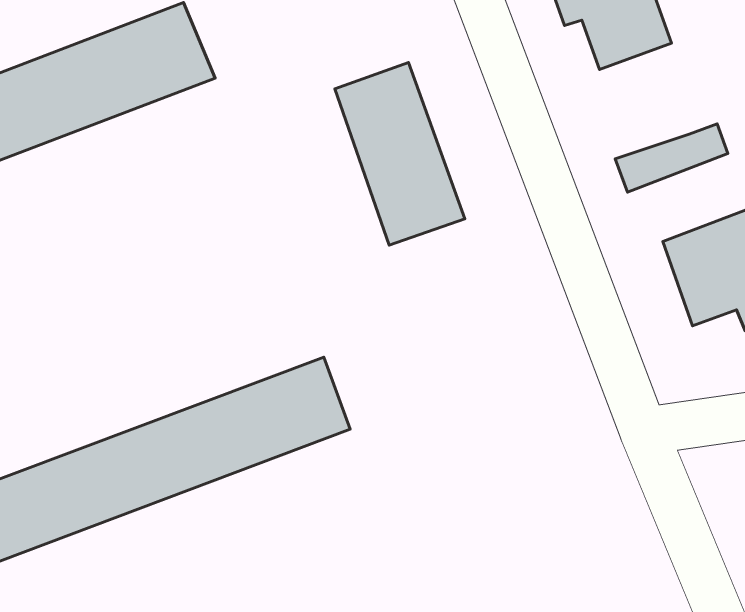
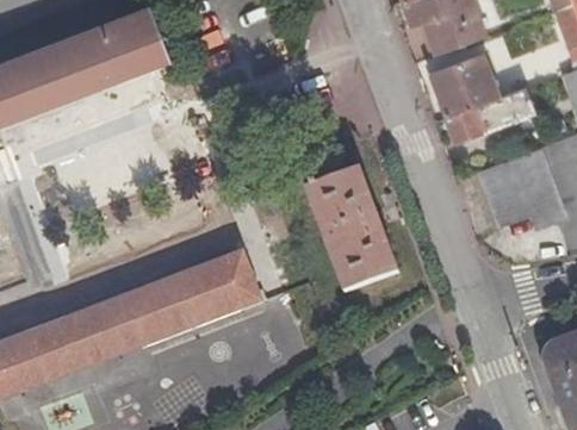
building: [335,62,465,245] -> [310,164,398,288]
building: none -> [429,51,498,113]

